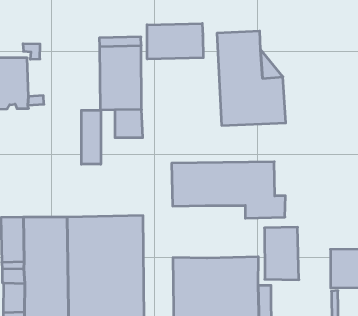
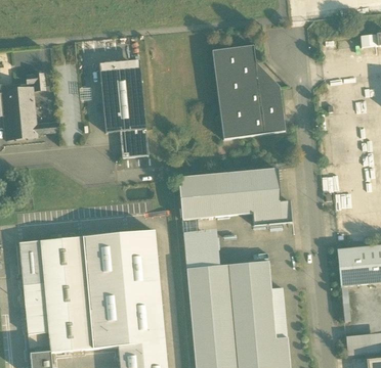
building: [147,23,203,59] -> none
building: [81,110,101,164] -> none
building: [264,227,299,280] -> [182,216,219,268]

